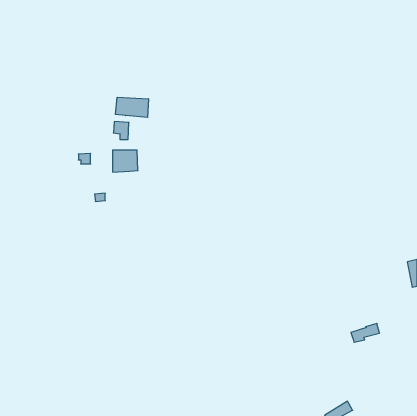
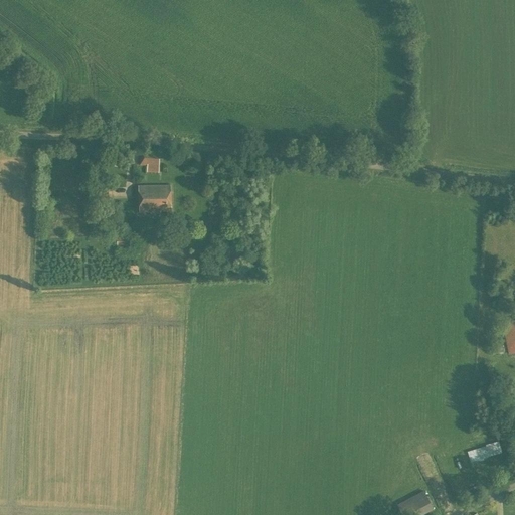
building: [115,97,148,117] -> none
building: [351,323,379,342] -> [467,442,502,465]

